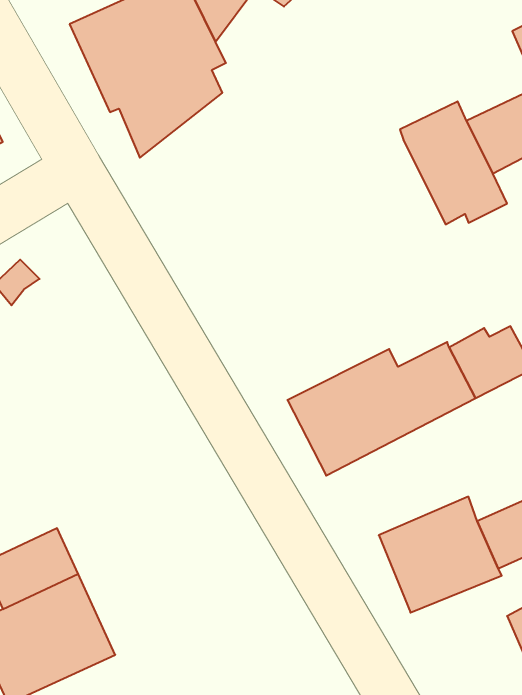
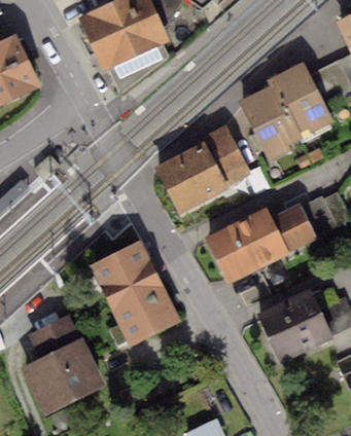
building: none -> [239,84,300,160]
building: none -> [155,125,251,213]
building: none -> [90,239,180,343]

